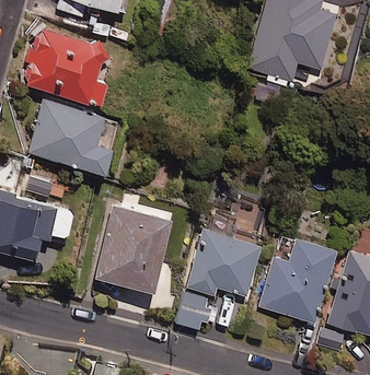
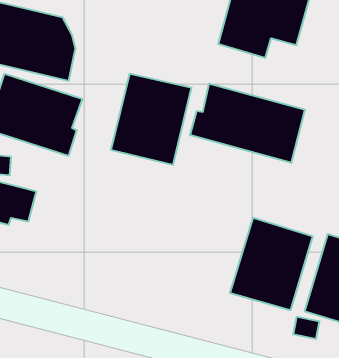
building: none -> [190,84,305,163]
building: [93,206,170,292] -> [111,74,192,165]
building: [173,228,259,329] -> none

